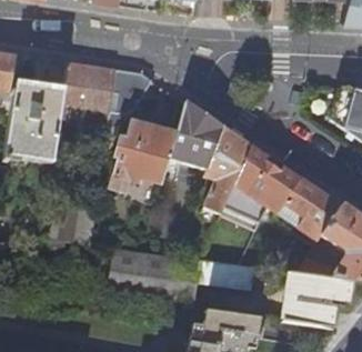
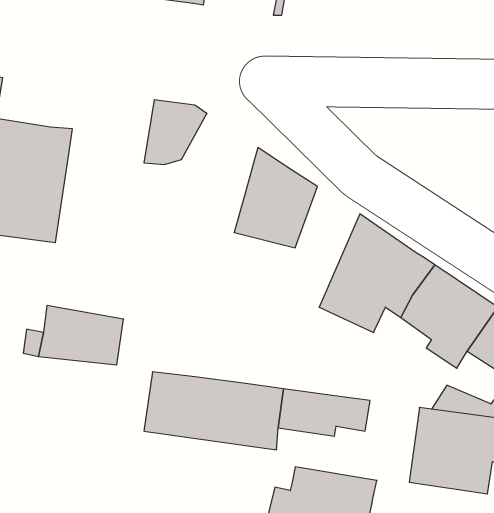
building: [59,63,115,134] -> none
building: [110,122,174,192] -> none
building: [201,128,250,225] -> none

